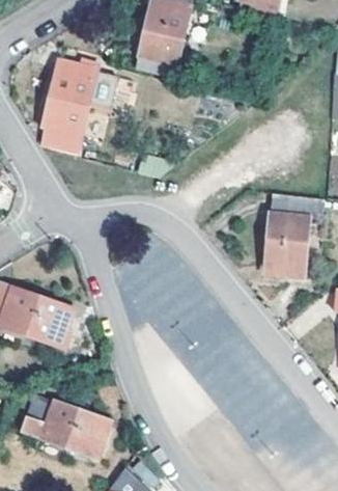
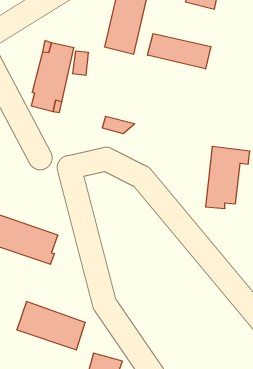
building: none -> [148,34,211,69]

